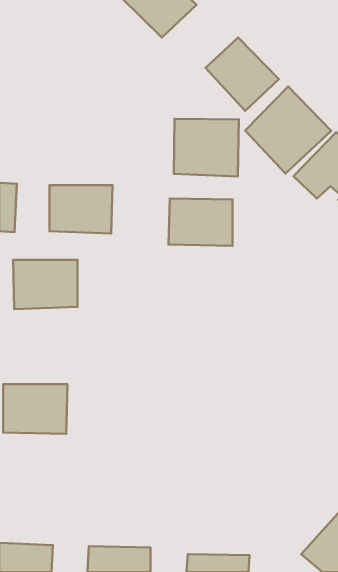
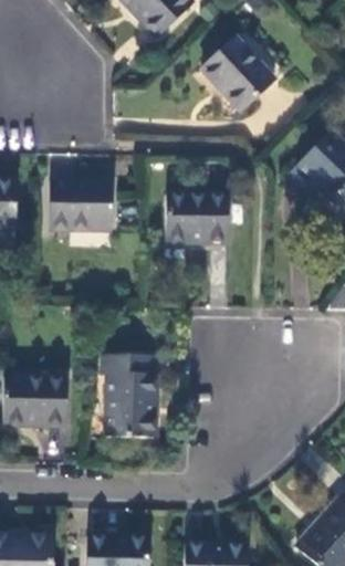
building: [245,86,331,174] -> none
building: [174,119,239,177] -> none
building: [13,260,77,309] -> none
building: none -> [103,357,154,439]

